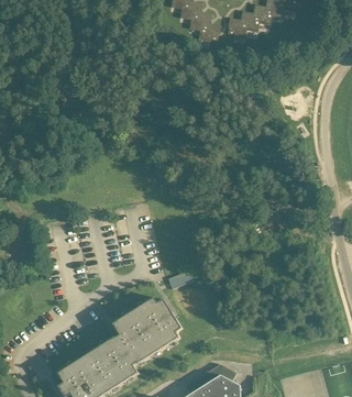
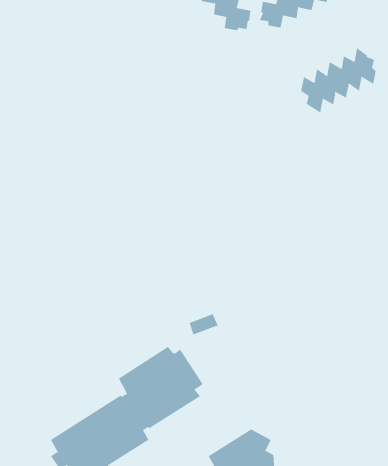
building: none -> [300,47,376,114]

